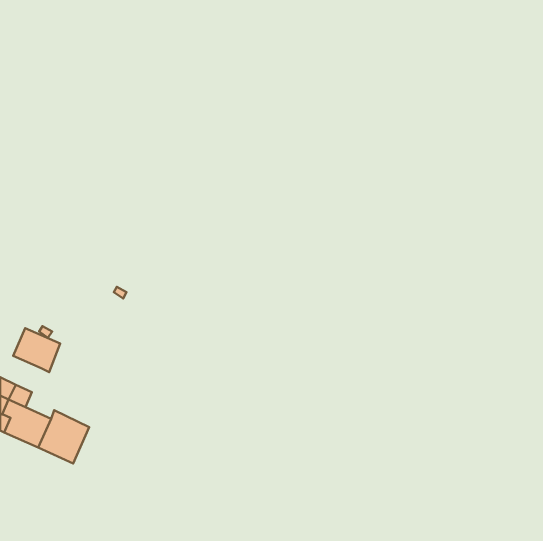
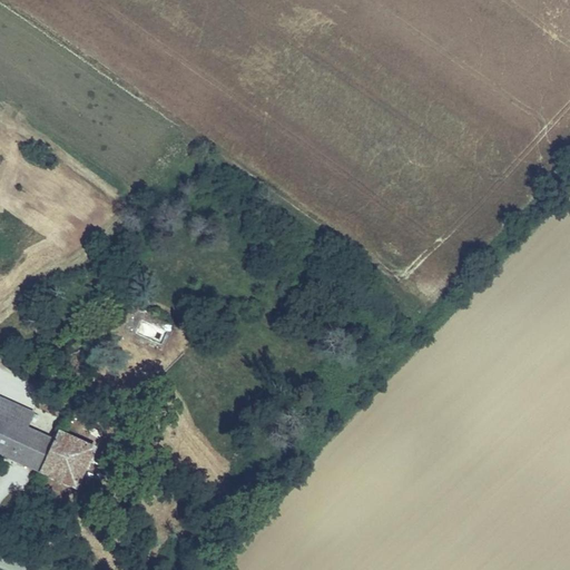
building: [13,328,60,372] -> none

